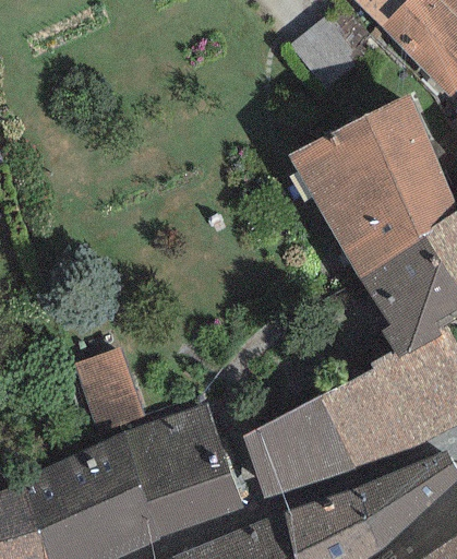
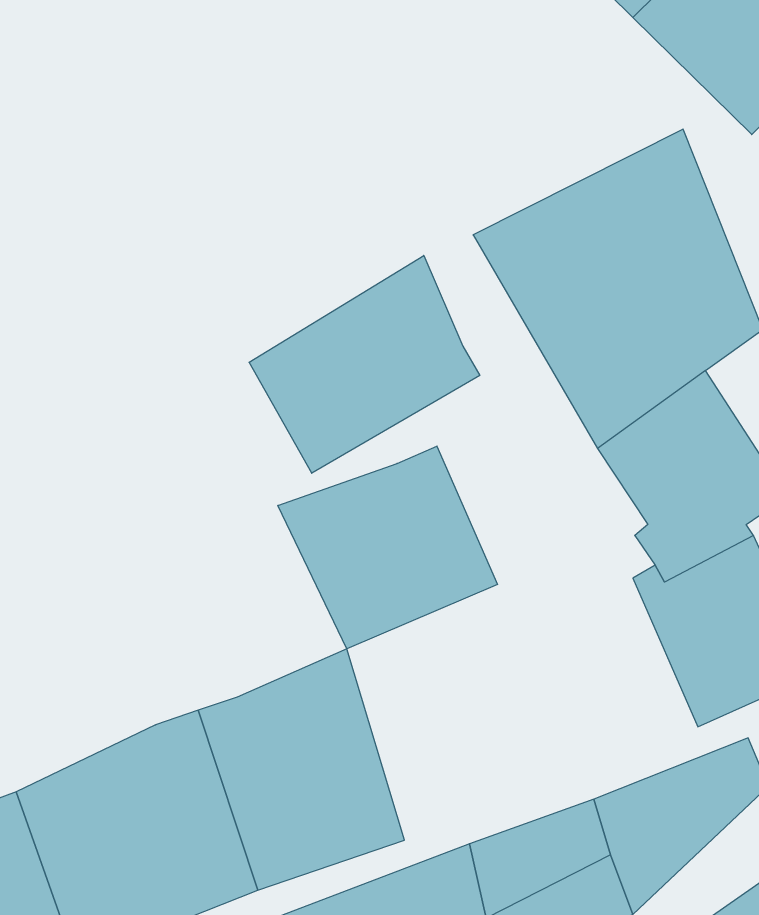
building: none -> [249,255,480,473]
building: none -> [278,446,498,649]
building: [73,349,148,444] -> none
building: [240,358,419,500] -> none

